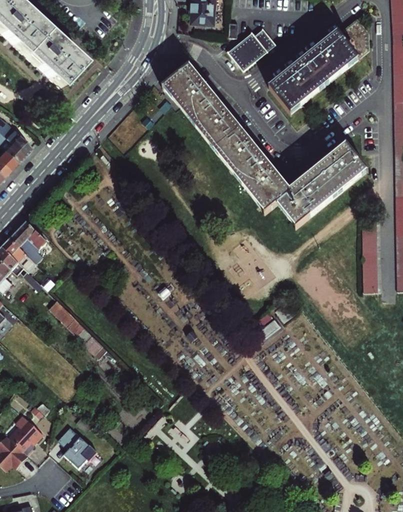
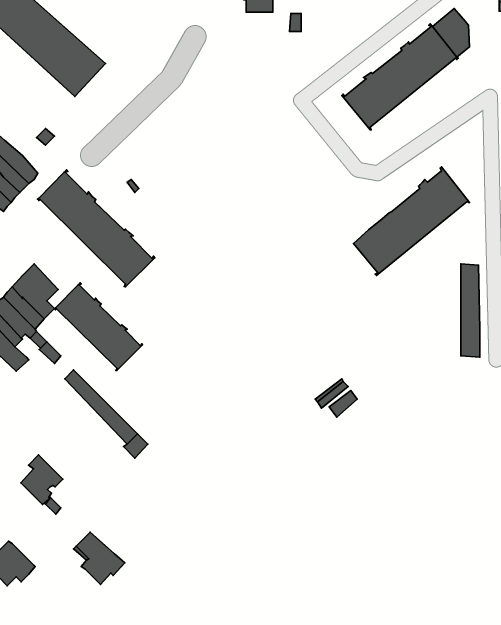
building: [226,24,276,69] -> none
building: [161,62,289,211] -> none
building: none -> [38,170,155,287]
building: none -> [54,283,143,371]
building: [10,414,43,453] -> [21,455,63,505]

